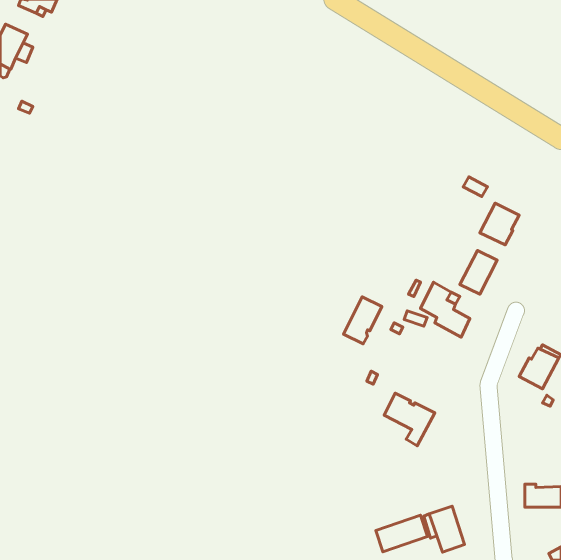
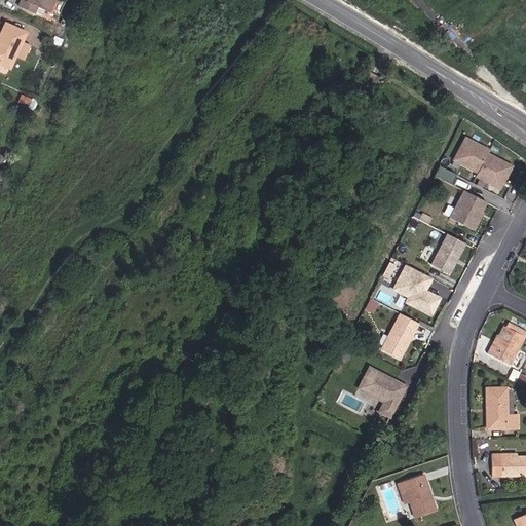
building: none -> [454,138,509,186]
building: [343,297,382,344] -> [382,313,418,358]
building: none -> [486,387,517,427]
building: [376,515,427,552] -> none

